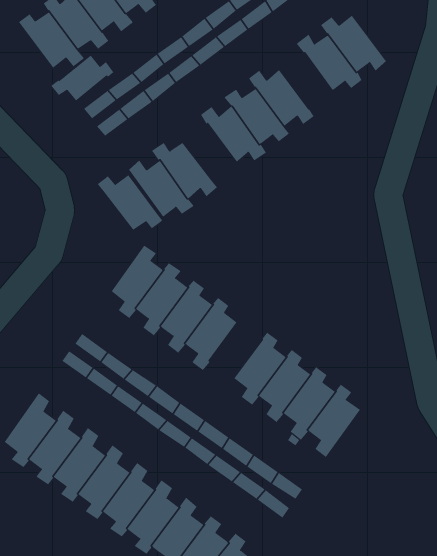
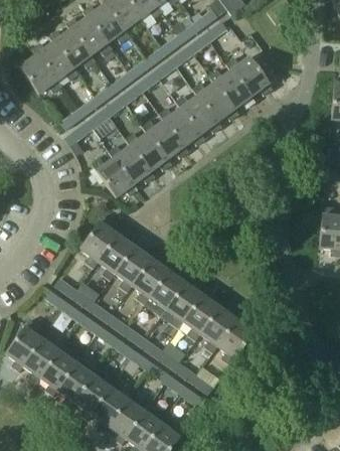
building: none -> [192,83,238,122]
building: [51,55,114,102] -> none
building: [97,174,163,231] -> [125,132,171,171]
building: none -> [148,265,185,316]

